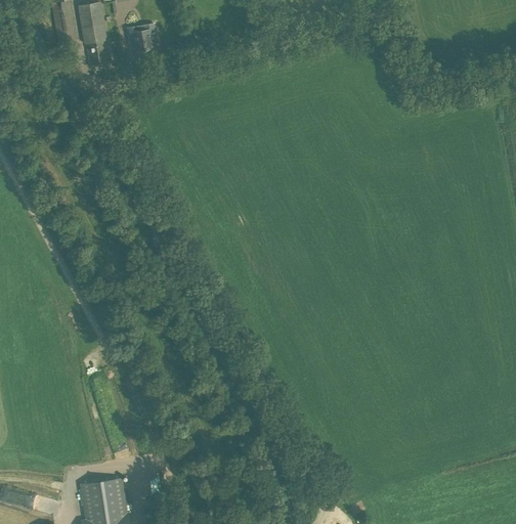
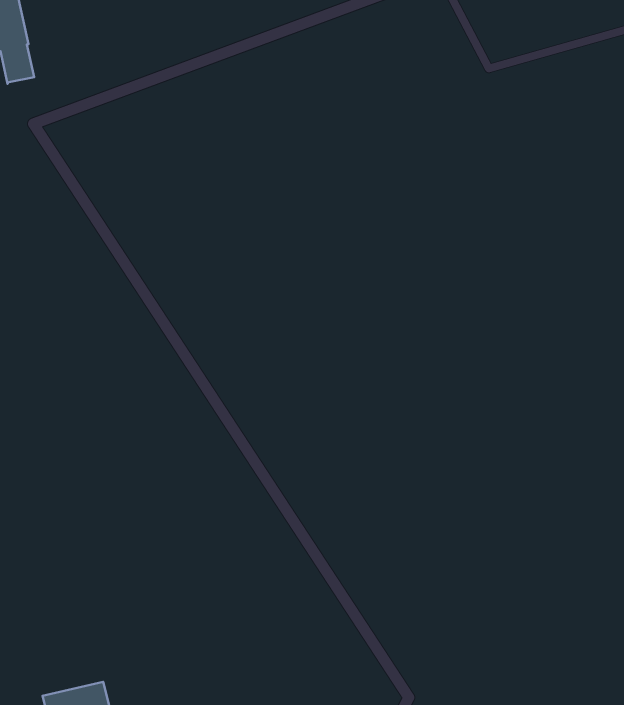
building: [127,24,156,50] -> none

